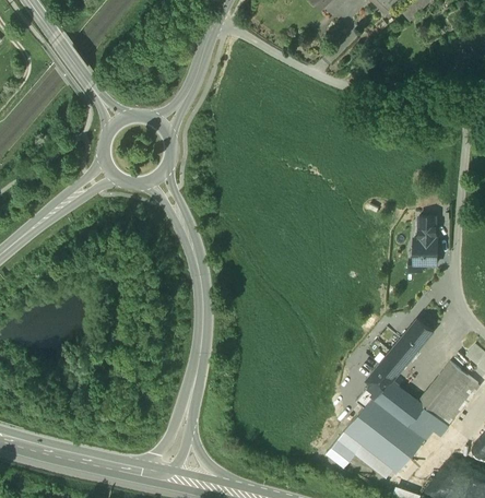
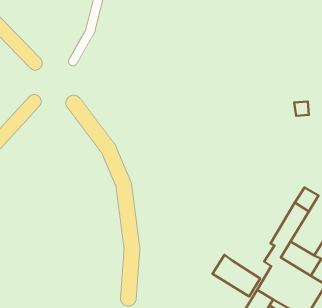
building: [413,237,438,264] -> none
building: none -> [212,255,260,296]

